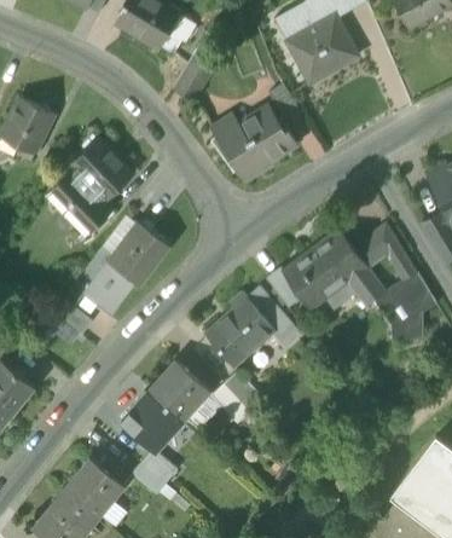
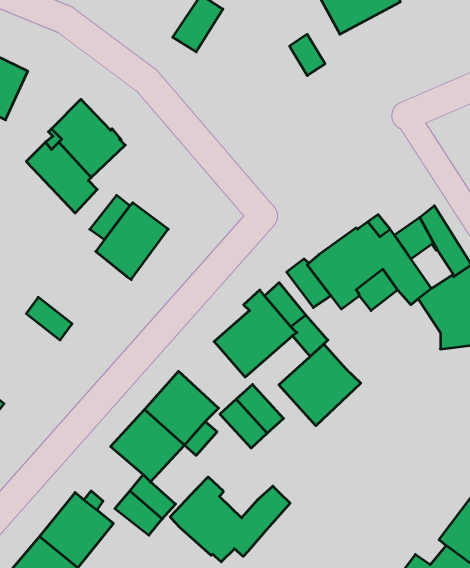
building: [210,106,296,184] -> none
building: [85,261,135,314] -> none
building: none -> [279,344,361,426]
building: none -> [170,477,290,562]

